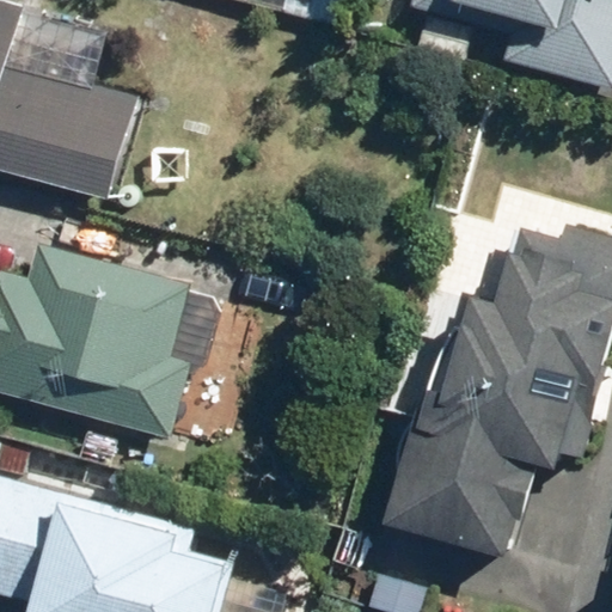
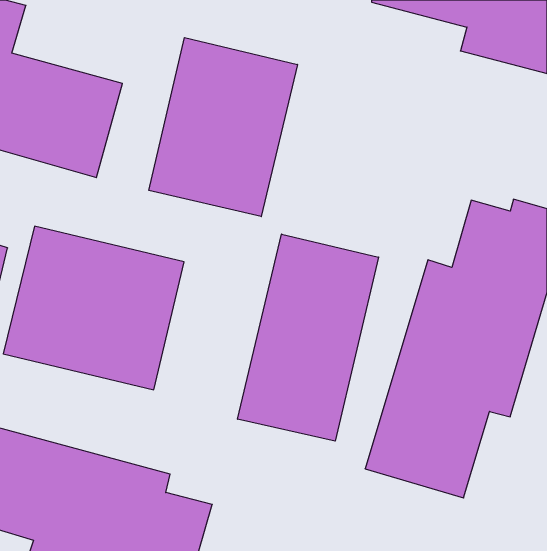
building: none -> [149,38,297,217]
building: none -> [238,234,379,441]

